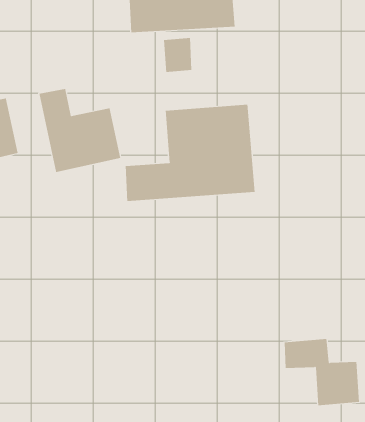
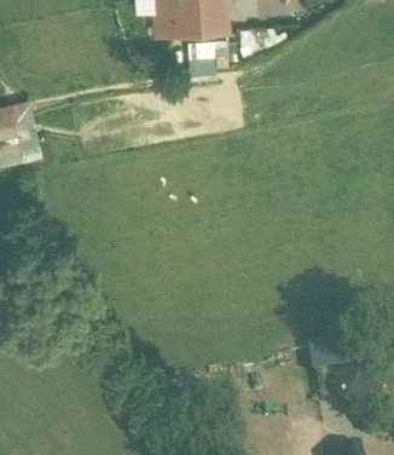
building: [39,88,121,173] -> none
building: [125,104,255,202] -> none

